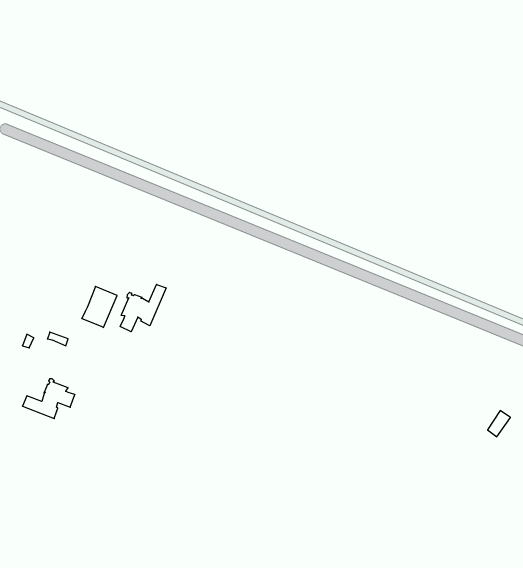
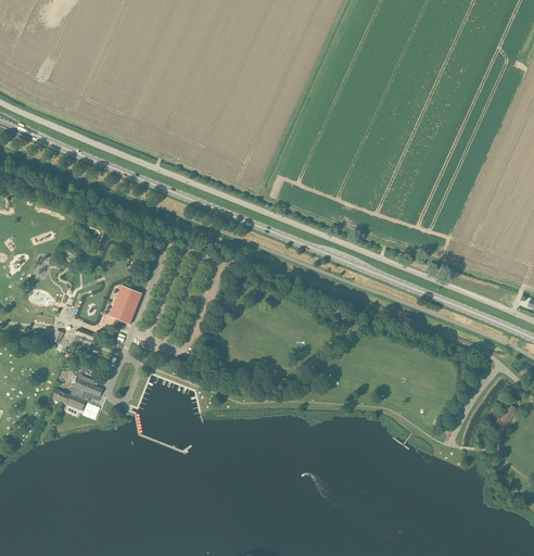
building: [120,284,166,332] -> none

